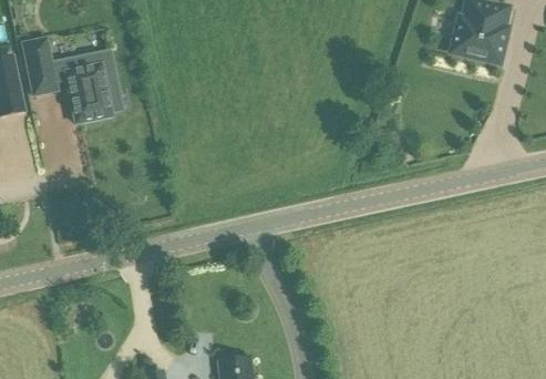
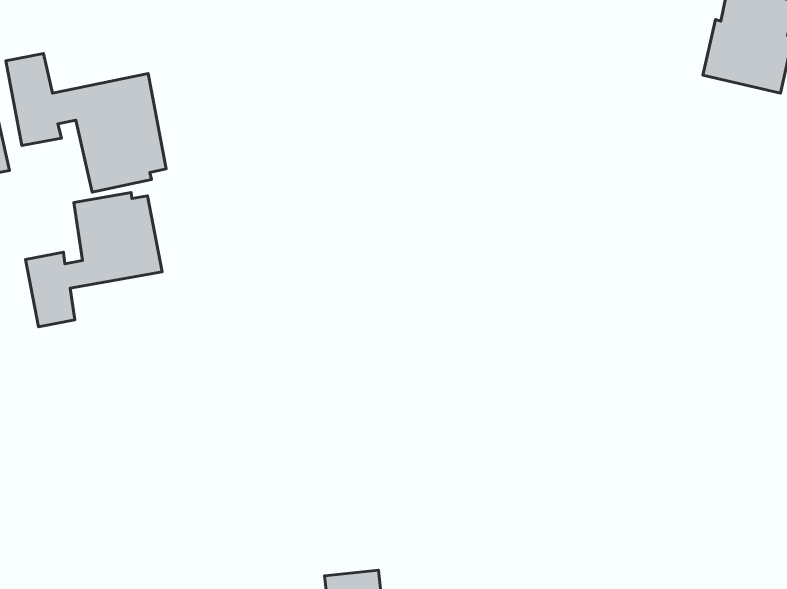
building: none -> [26,193,162,327]

